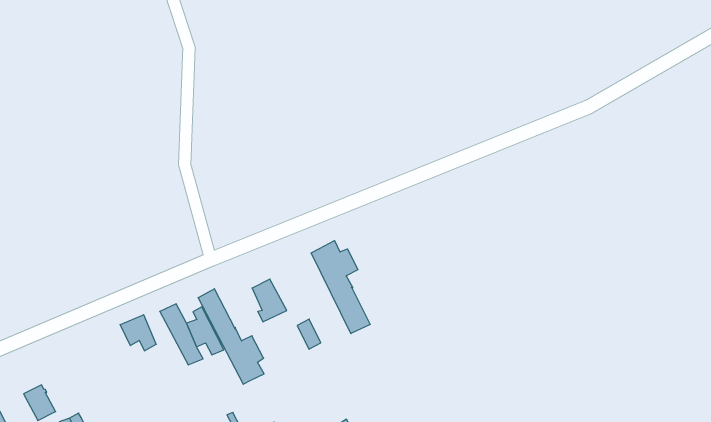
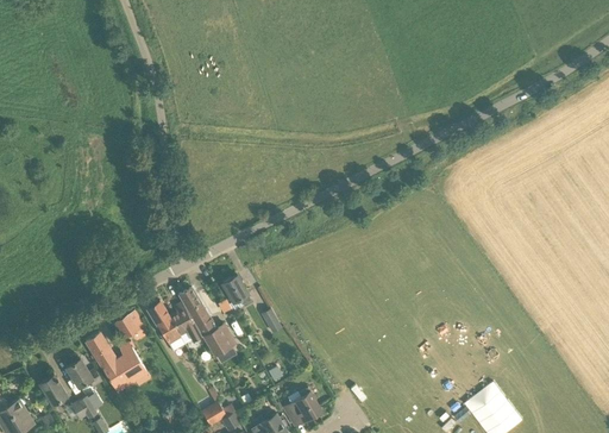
building: [311,241,370,334] -> none
building: none -> [86,333,150,393]
building: none -> [65,358,102,388]

